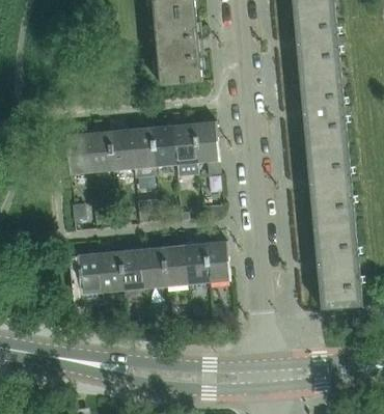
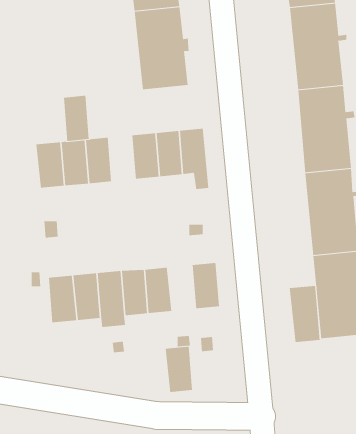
building: [131,127,155,168] -> [63,95,90,141]
building: [184,243,209,284] -> [165,346,193,392]
building: none -> [289,285,320,343]

